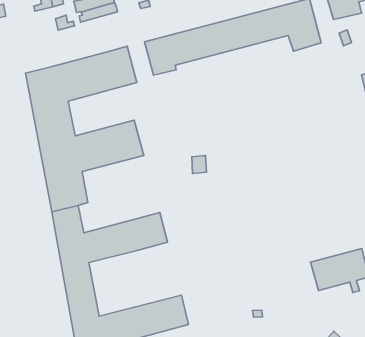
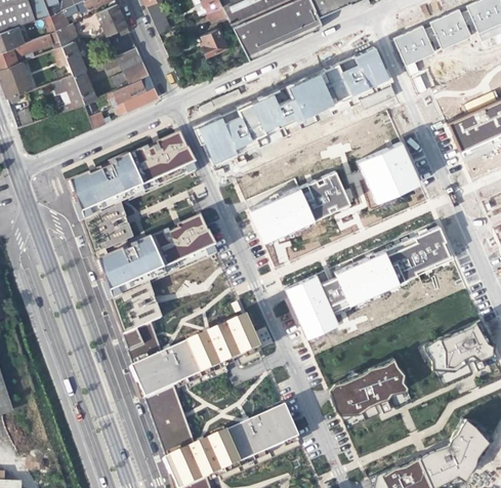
building: none -> [360,141,419,200]
building: none -> [249,170,349,243]
building: none -> [284,225,453,338]
building: none -> [327,358,408,417]

